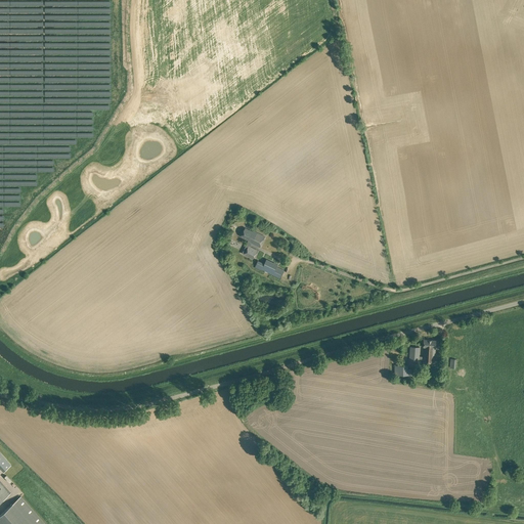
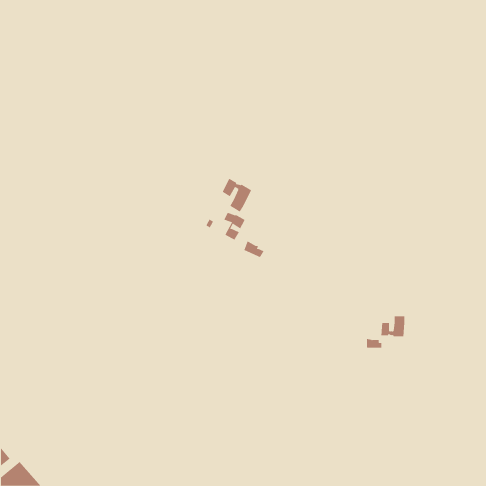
building: none -> [222,178,252,213]

